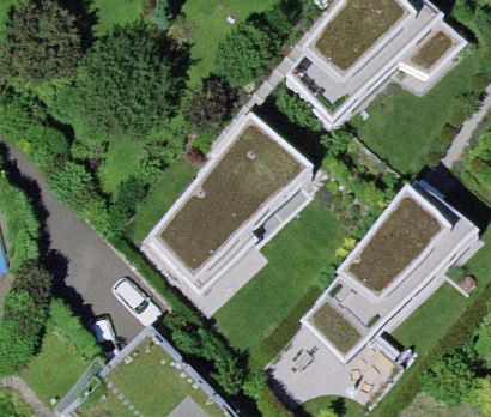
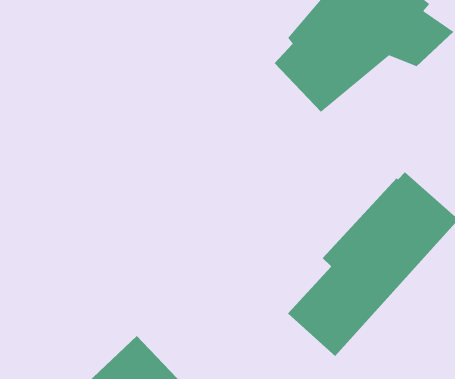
building: [147,108,313,289] -> none

